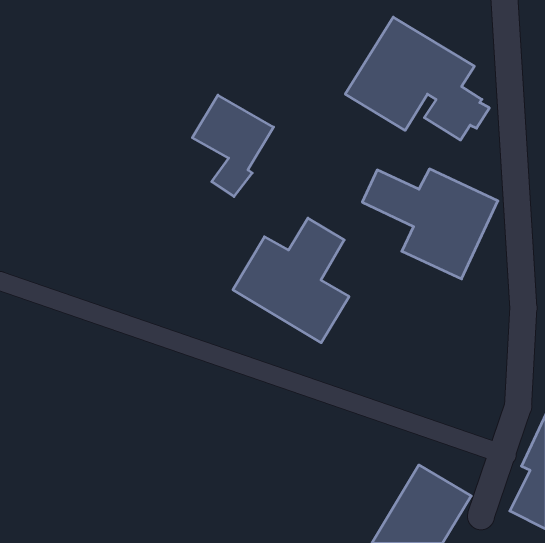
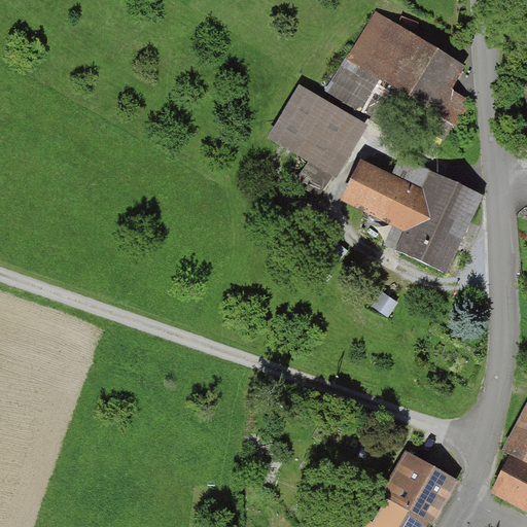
building: [192,95,274,197] -> [279,96,357,194]
building: [233,218,349,343] -> none

